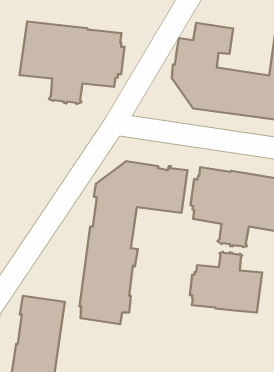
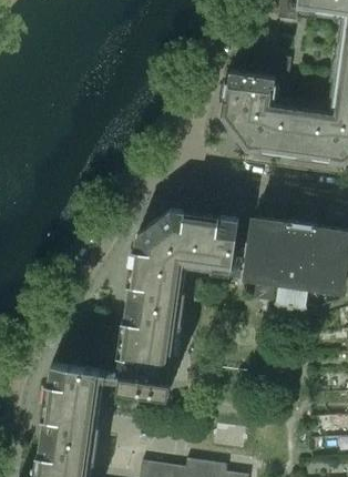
building: [20,22,124,104] -> none
building: [190,252,262,313] -> none

